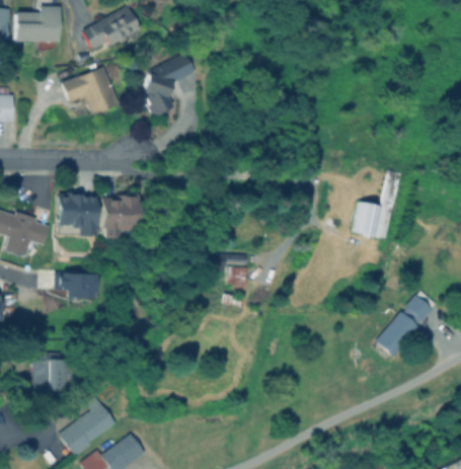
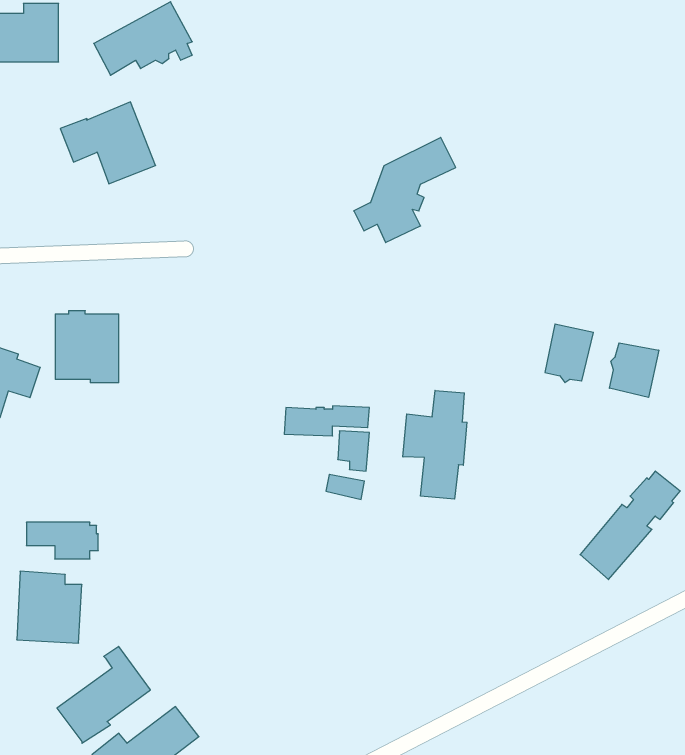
building: [132,54,194,118] -> [354,137,456,243]
building: [102,194,141,240] -> none
building: none -> [609,343,659,397]
building: none -> [403,390,467,499]
building: [55,273,98,296] -> [26,522,98,559]

